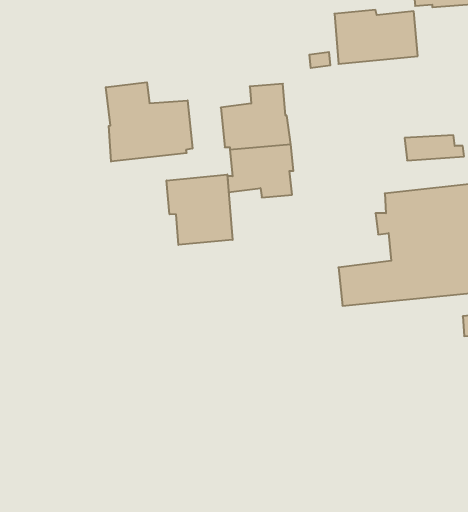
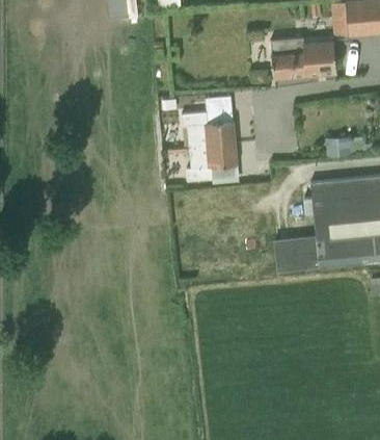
building: [106,82,192,162] -> none
building: [167,174,233,245] -> none

